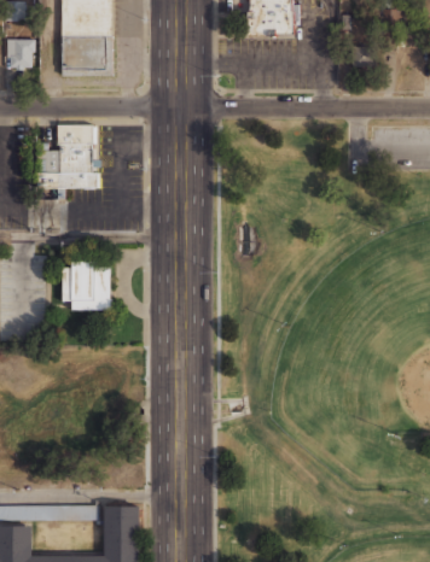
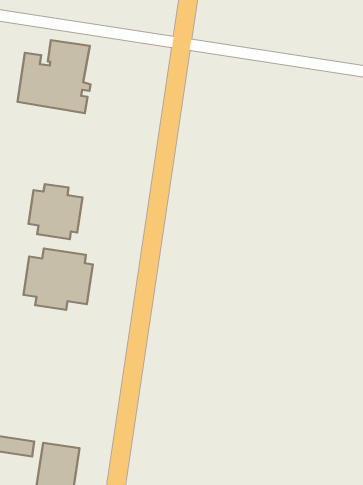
building: none -> [24,248,93,310]

